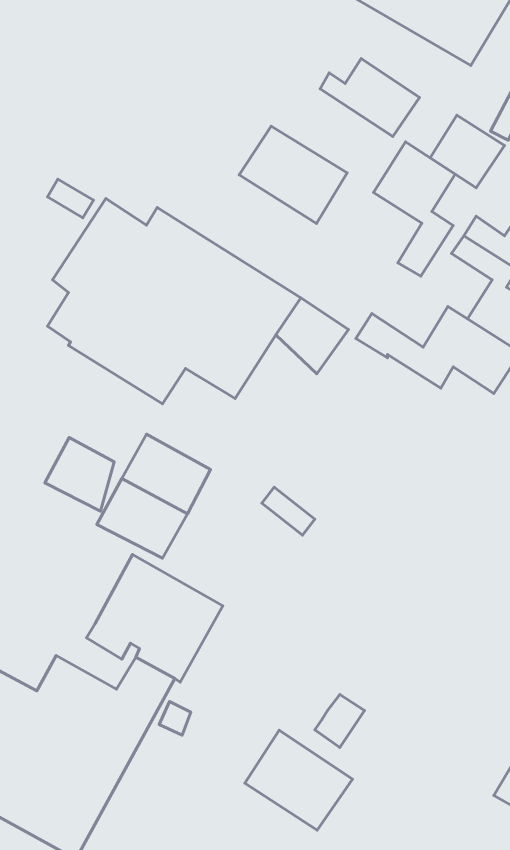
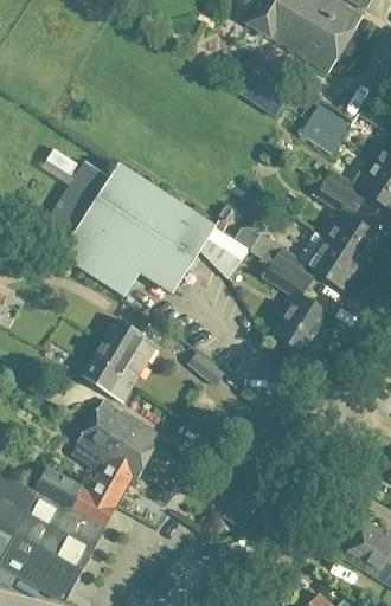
building: [239,126,347,224] -> none
building: [373,142,455,276] -> none
building: none -> [264,264,328,353]
building: [45,438,114,511] -> none
building: [245,730,352,830] -> none

